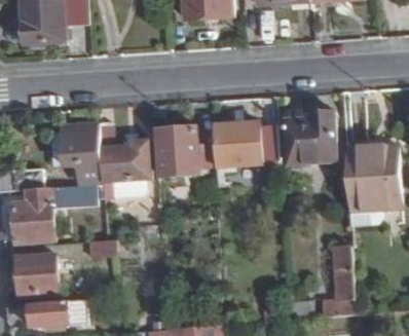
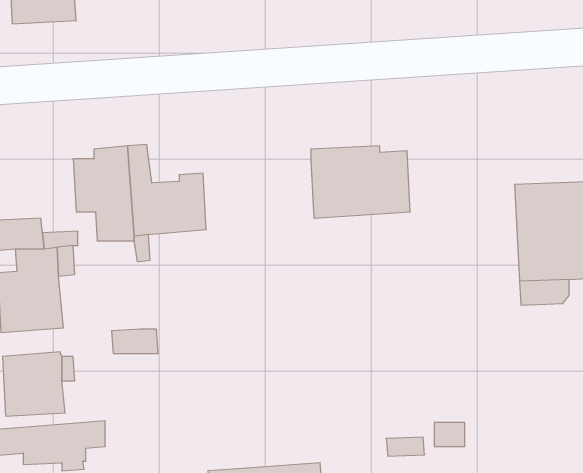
building: [285,110,334,162] -> none
building: [157,128,216,177] -> none
building: [322,244,360,316] -> none

